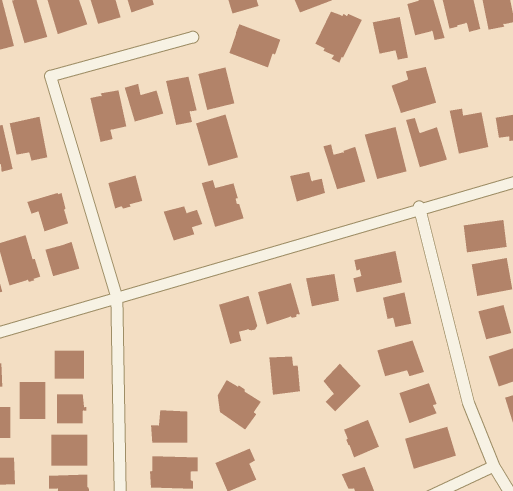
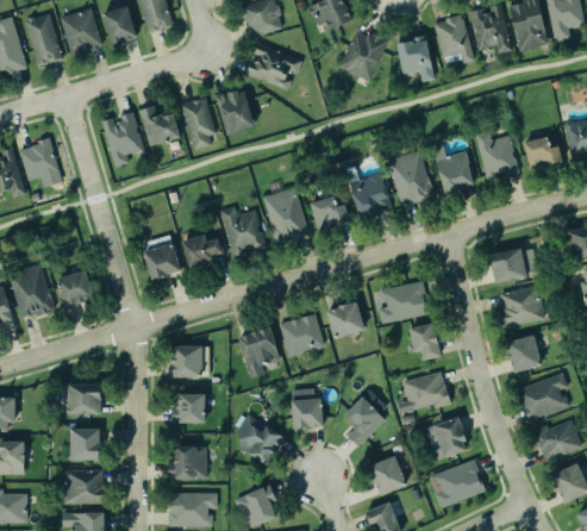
building: [391,66,437,114] -> none
building: [195,114,239,167] -> [263,187,308,242]
building: [108,175,143,209] -> [143,240,180,276]
building: [27,192,69,232] -> none
building: none -> [171,344,208,376]
building: none -> [169,392,204,421]
building: [19,381,46,420] -> none

